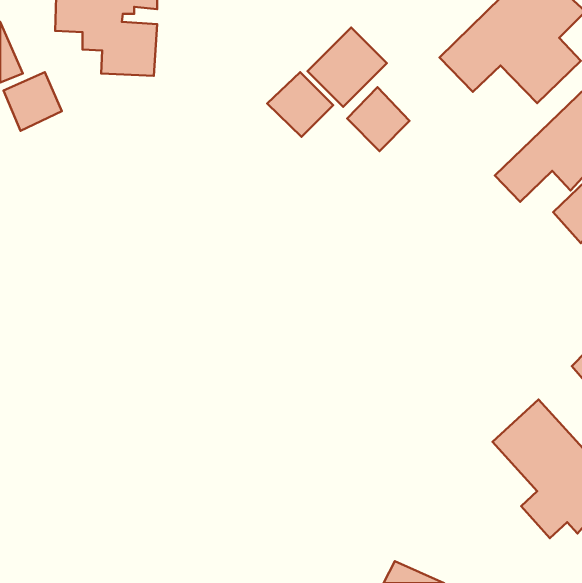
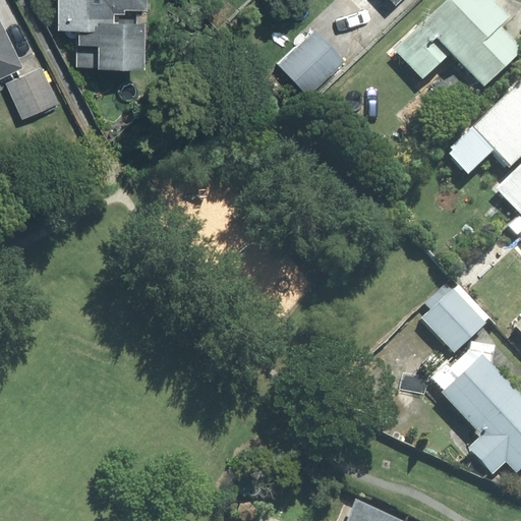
building: [267,72,333,137] -> none
building: [347,87,410,151] -> none
building: none -> [422,281,493,354]

